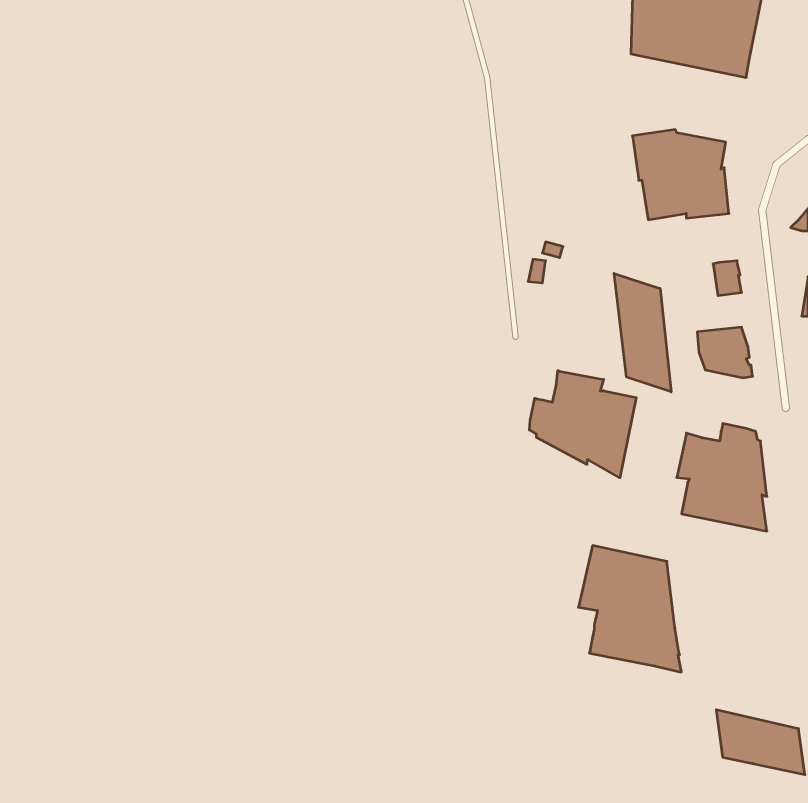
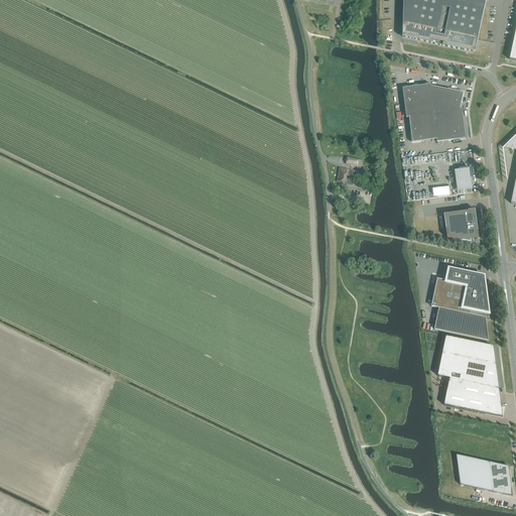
building: [614,273,671,392] -> none
building: [529,371,636,478] -> none
building: [578,546,681,672] -> [437,335,503,415]

